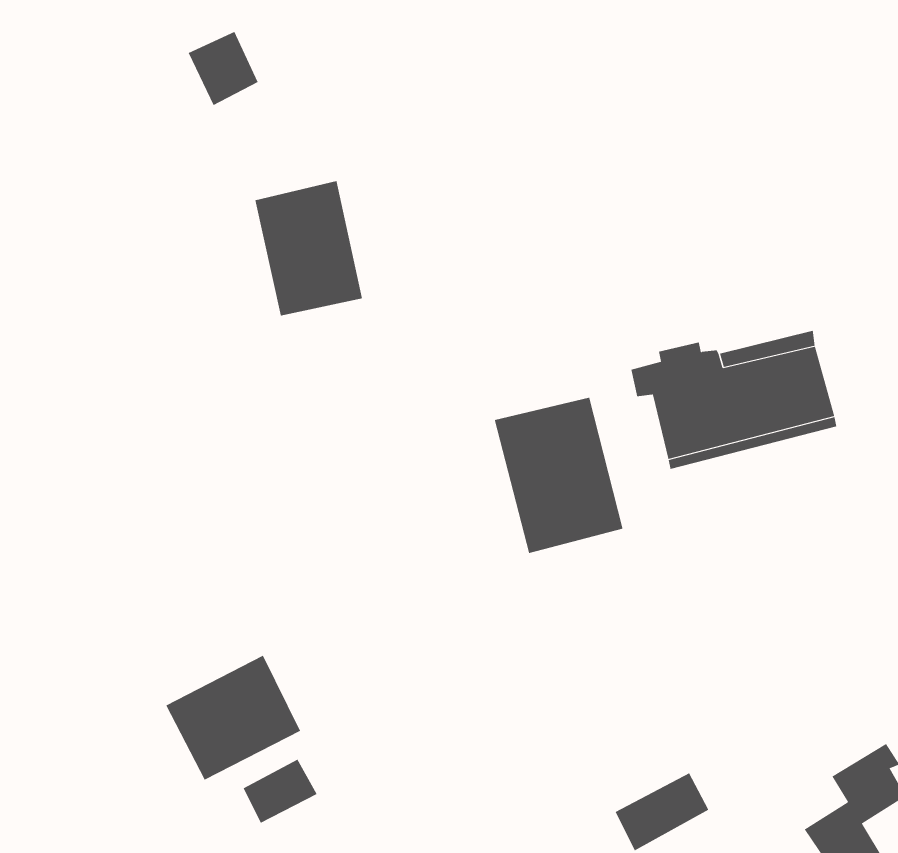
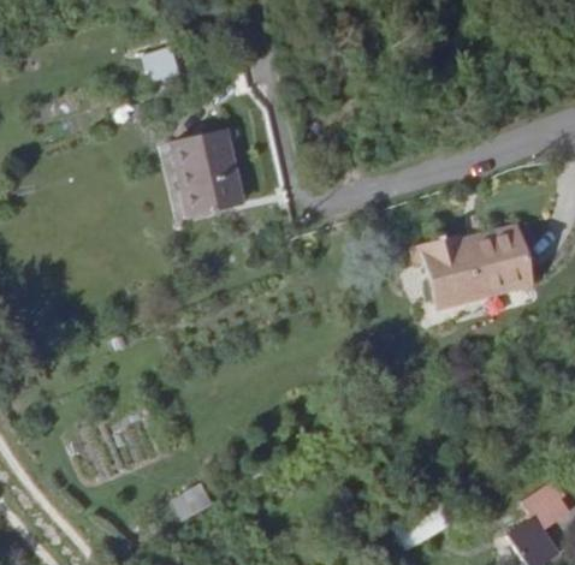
building: [494,397,623,554] -> none
building: [165,655,301,780] -> none

